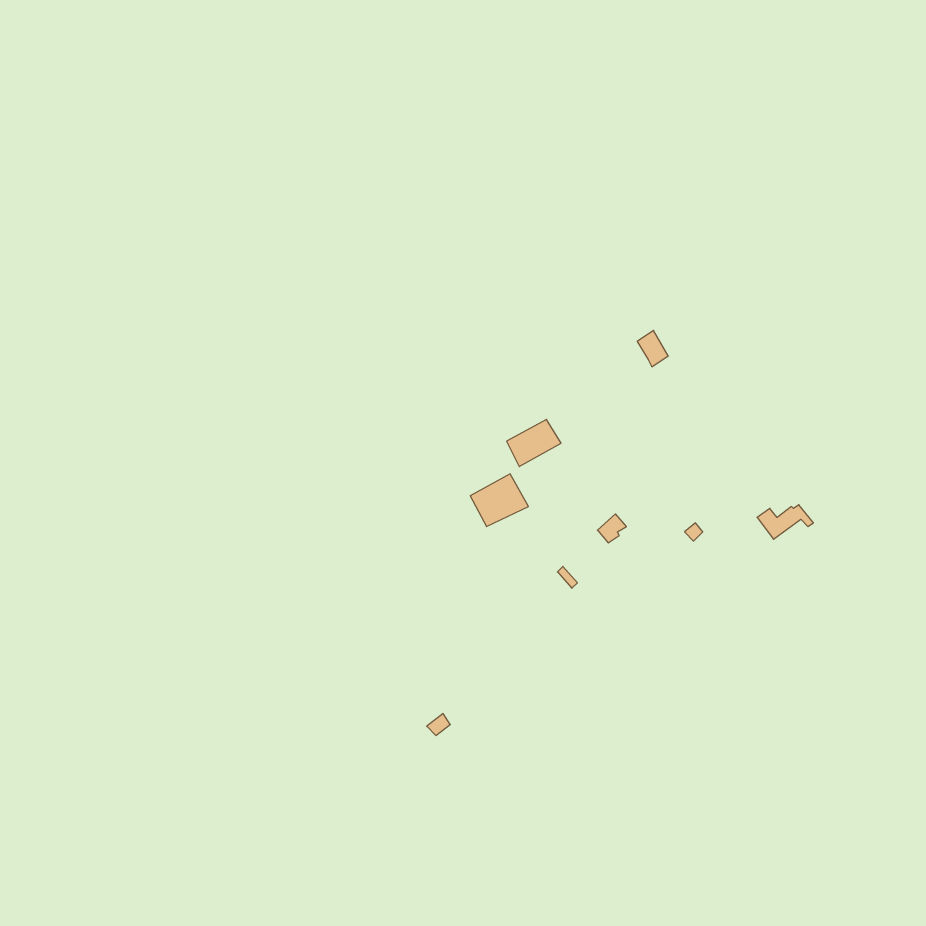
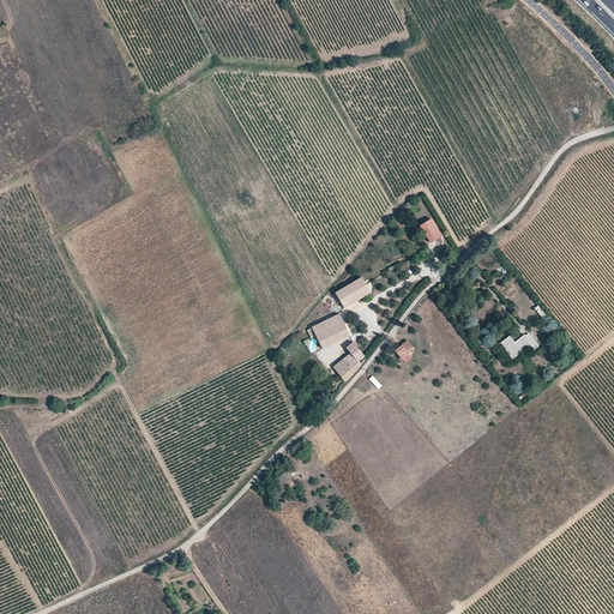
building: none -> [332,341,363,380]

